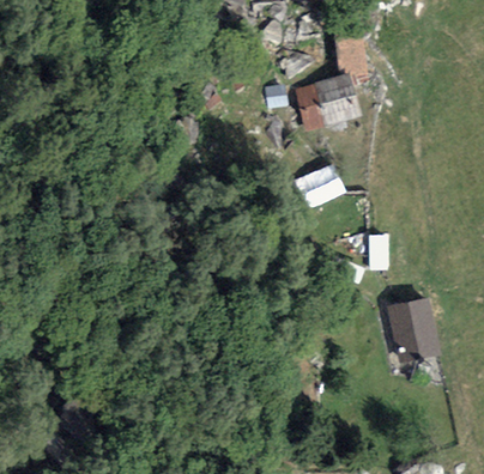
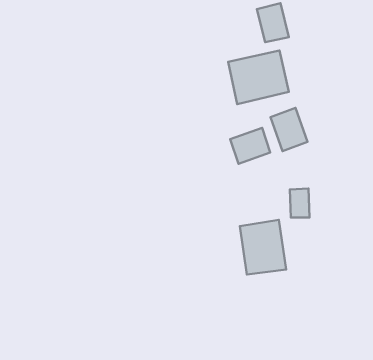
building: none -> [270,108,307,151]
building: [388,300,442,364] -> [240,220,286,275]

